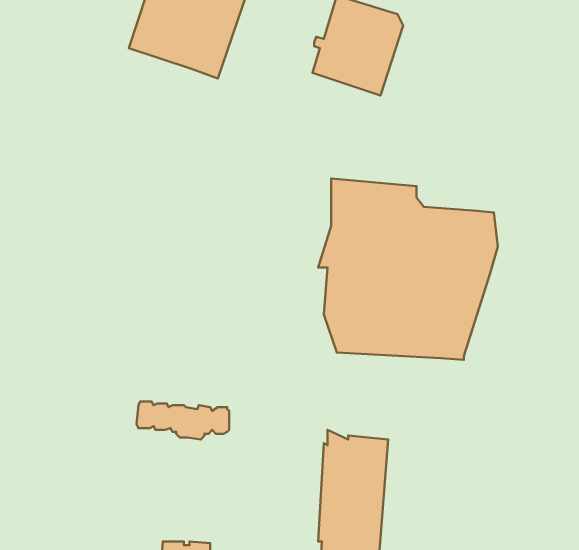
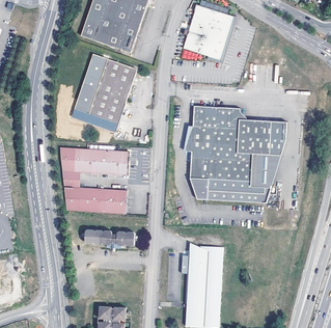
building: none -> [73,53,136,124]
building: none -> [58,147,128,179]
building: none -> [63,187,127,213]

